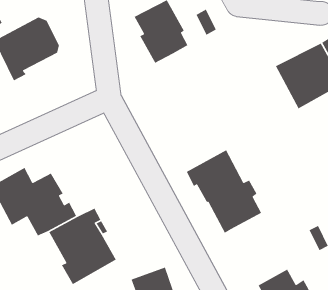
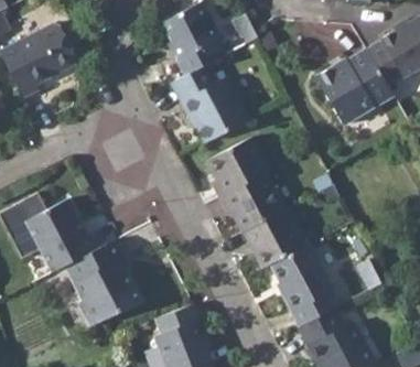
building: none -> [169,65,245,143]
building: none -> [205,139,268,198]
building: none -> [270,242,341,327]

